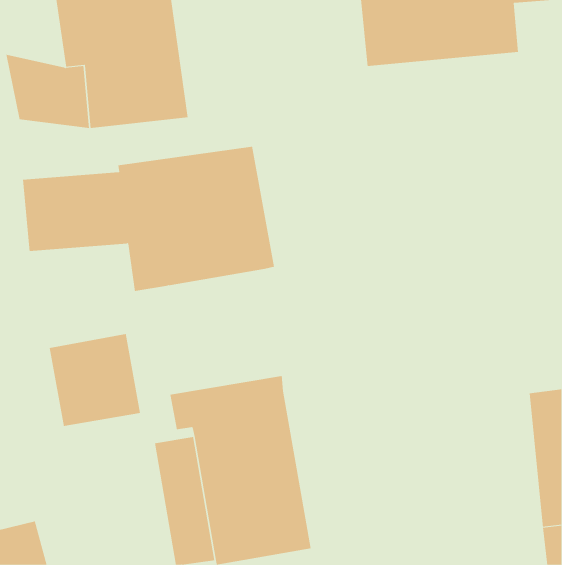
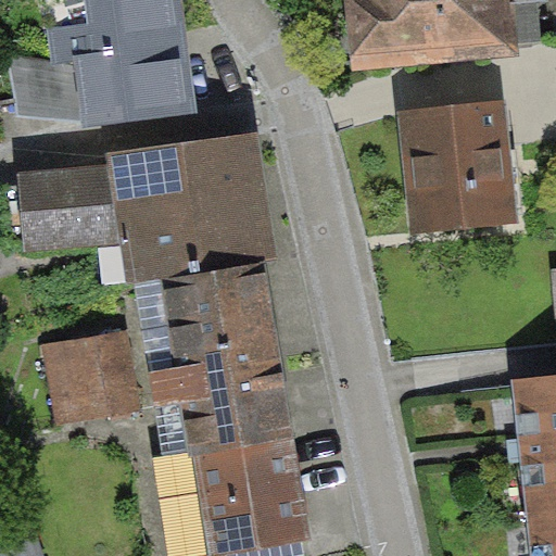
building: none -> [402,104,511,233]
building: none -> [165,264,277,387]

